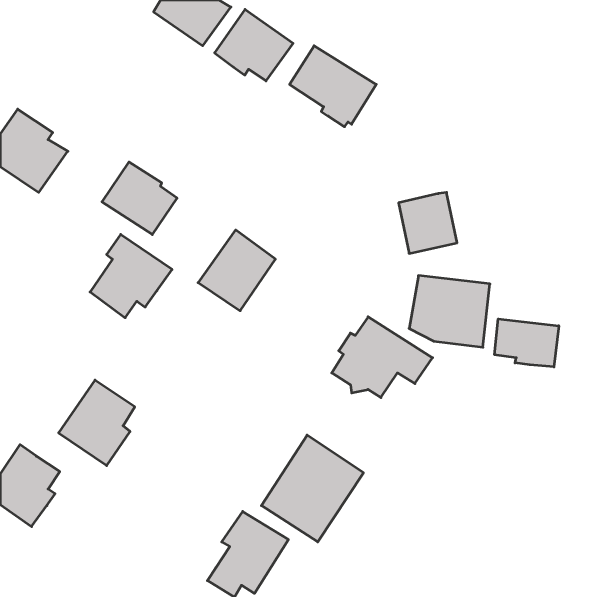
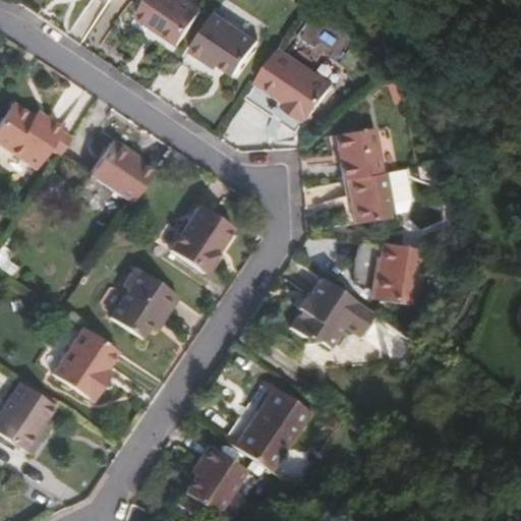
building: none -> [333,126,381,179]
building: [90,234,172,318] -> [110,265,181,337]
building: [495,319,559,367] -> none

